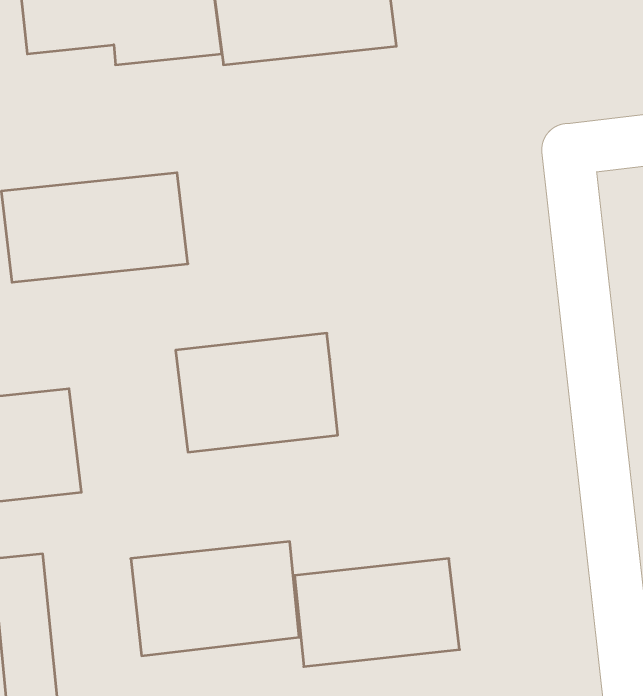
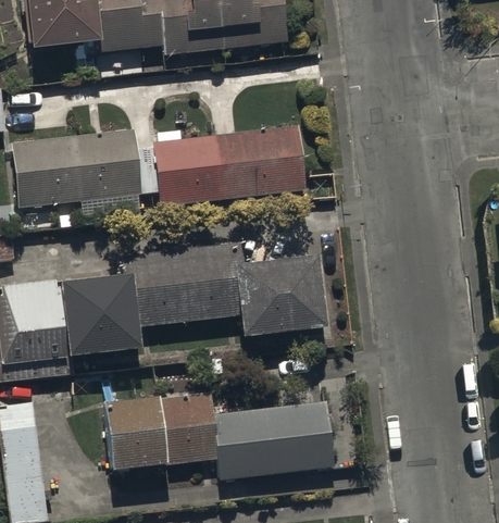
building: none -> [152,128,303,207]
building: none -> [238,254,325,334]
building: none -> [54,275,139,356]

